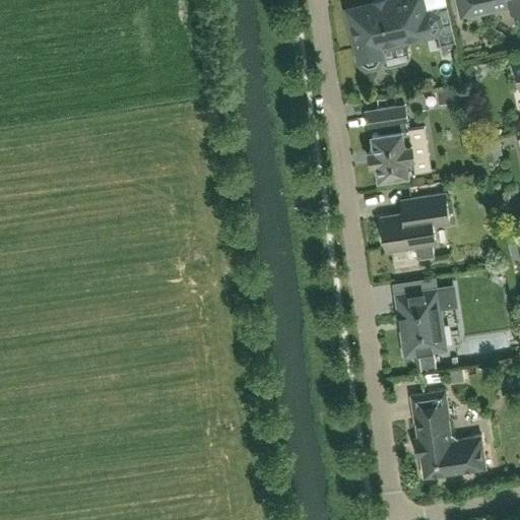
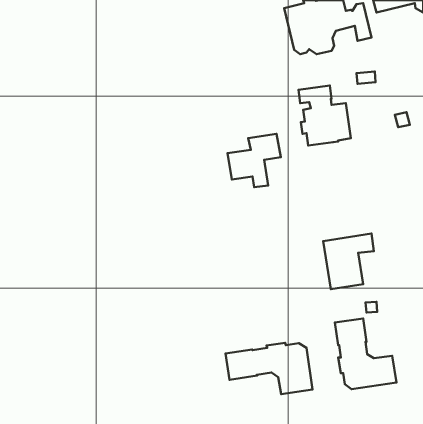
building: [383,194,448,259] -> [228,134,281,187]
building: none -> [226,343,313,394]

